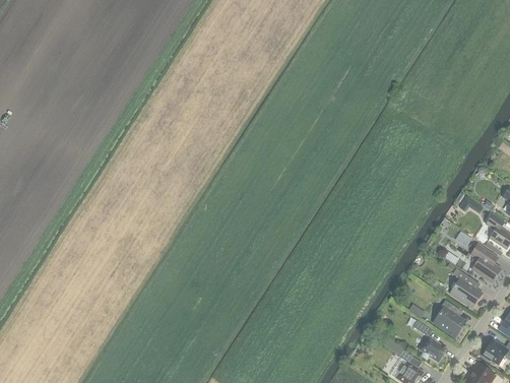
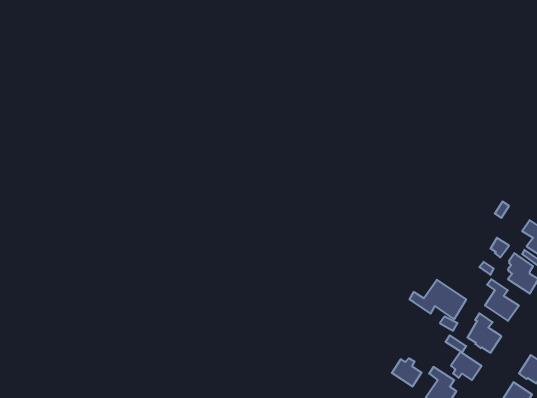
building: none -> [410,280,466,319]
building: none -> [392,358,422,387]

